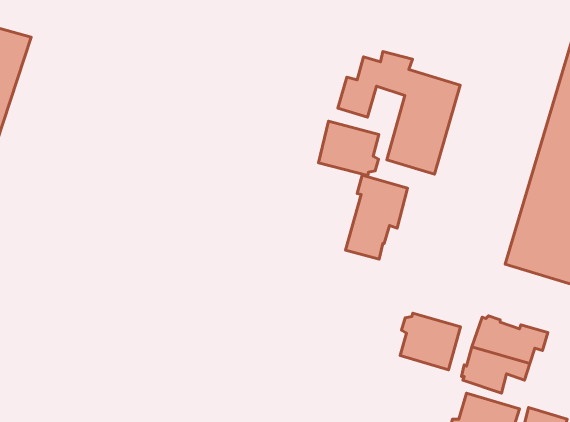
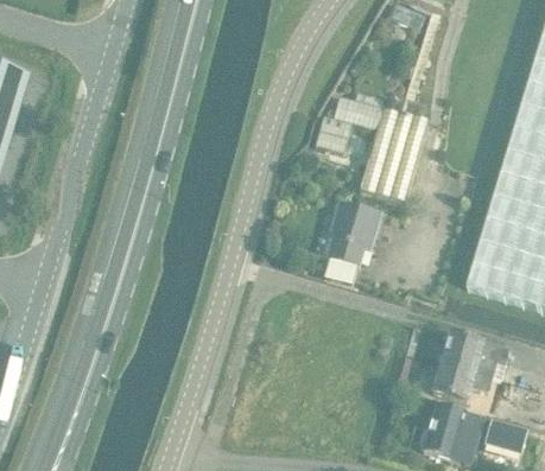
building: [319,121,379,175] -> none
building: [400,313,460,370] -> none

